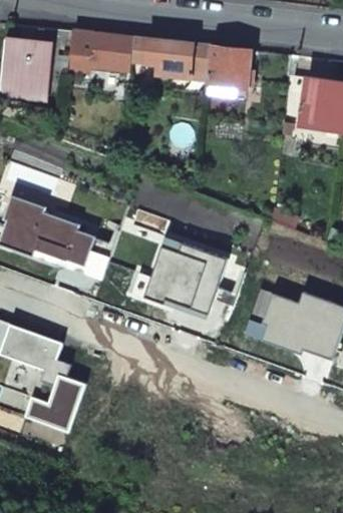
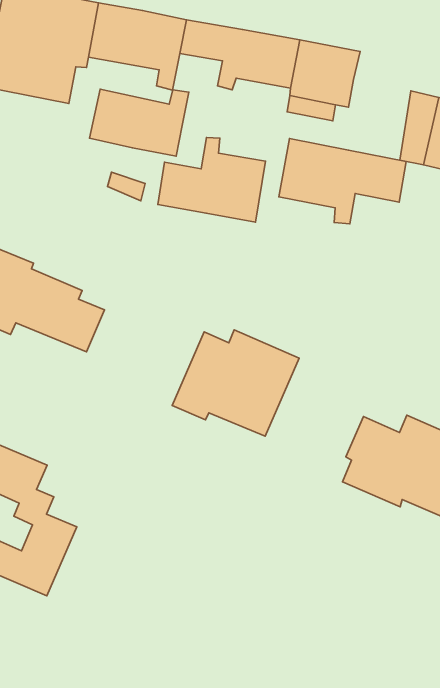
building: none -> [89,89,189,156]
building: none -> [279,138,406,224]
building: none -> [158,138,266,222]

